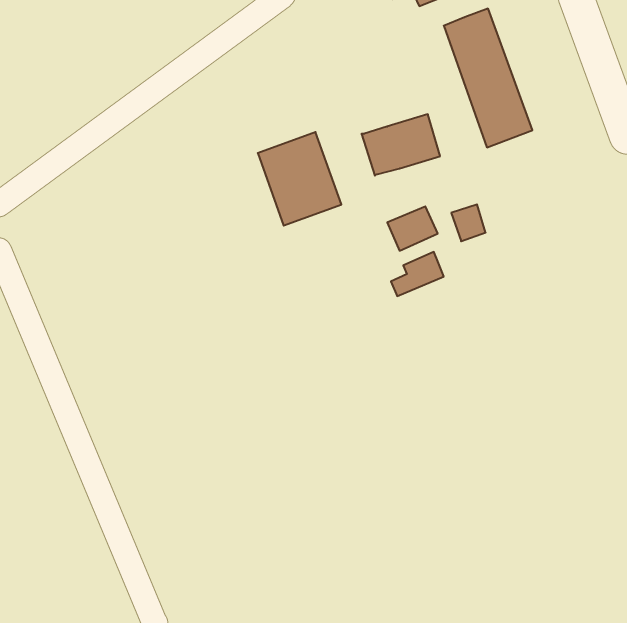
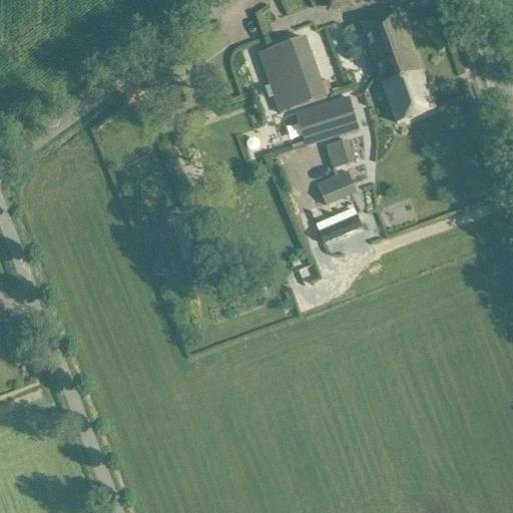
building: [258,132,341,226] -> [259,34,327,110]
building: [451,204,486,241] -> [325,136,353,166]

